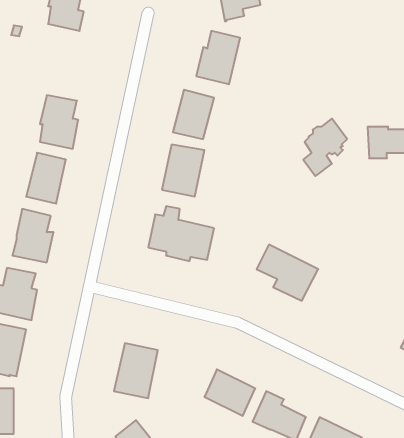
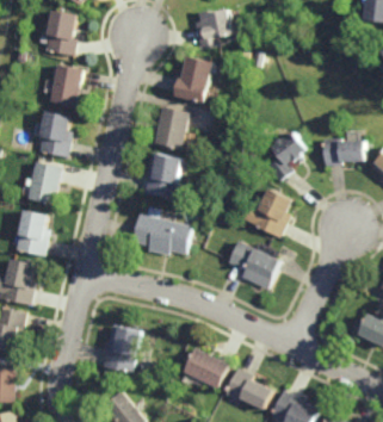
building: none -> [49,62,82,105]
building: none -> [242,187,291,238]

